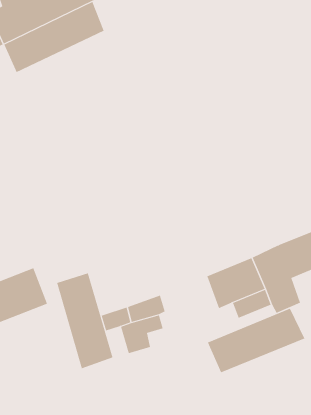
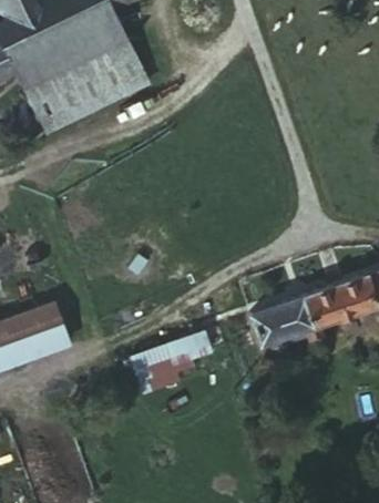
building: none -> [29,41,145,122]
building: [57,272,113,369] -> none
building: [207,308,305,373] -> none

